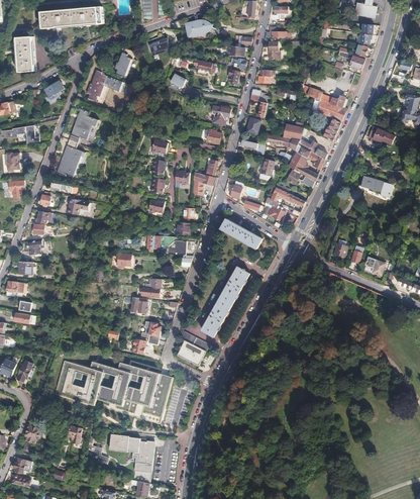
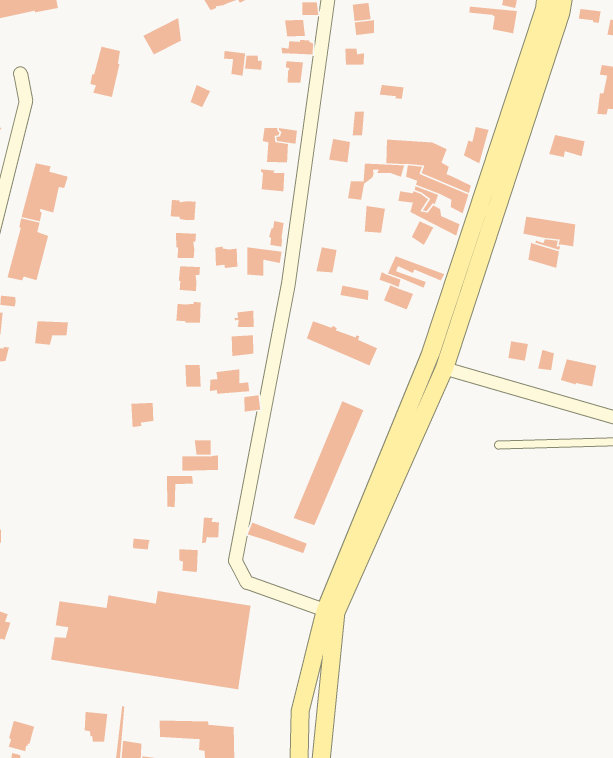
building: [86,70,109,103] -> none
building: [305,86,347,120] -> none
building: [177,340,205,366] -> none

